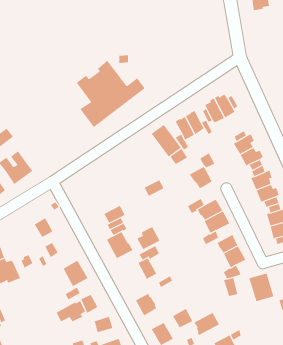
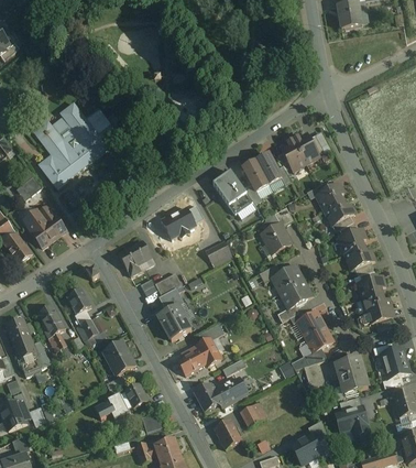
building: [76,60,145,128] -> [34,102,121,187]
building: none -> [162,208,196,239]
building: none -> [119,240,151,275]
building: [137,226,160,250] -> [177,345,207,374]
building: none -> [39,304,65,337]
building: none -> [335,405,370,436]
building: [193,312,220,336] -> [216,377,249,406]

